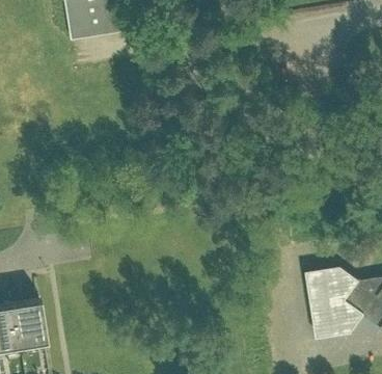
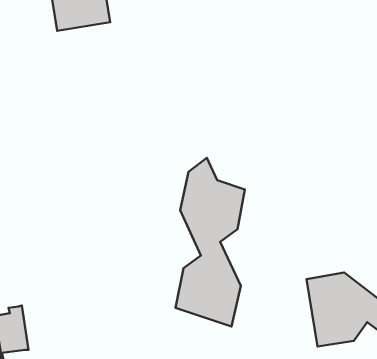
building: none -> [175,158,245,327]

